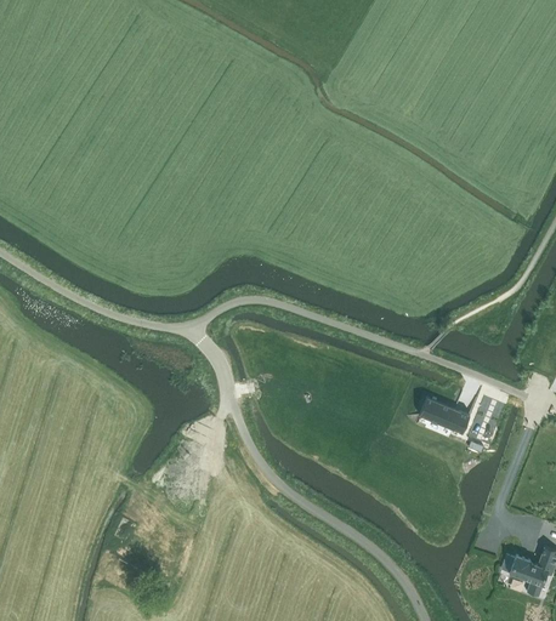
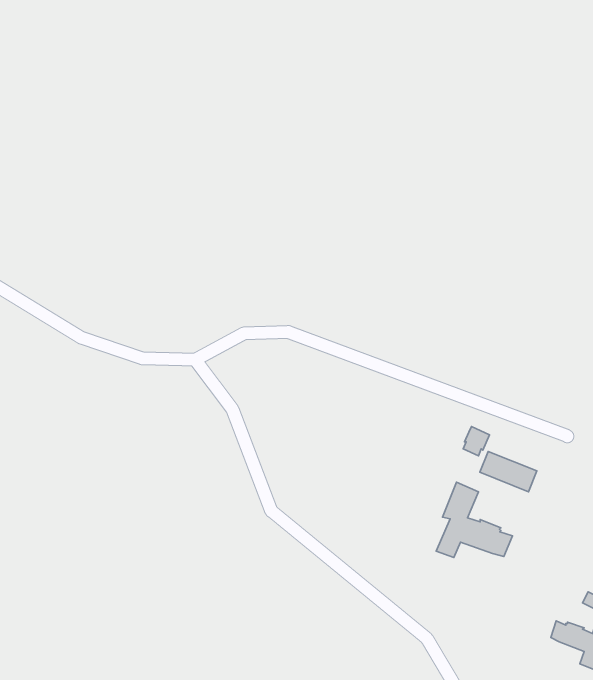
building: none -> [436,482,512,558]

